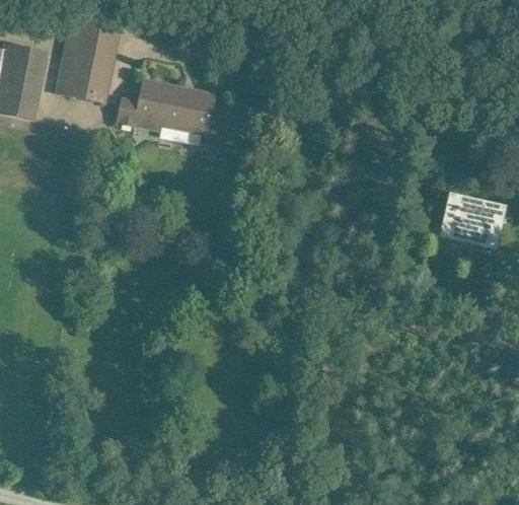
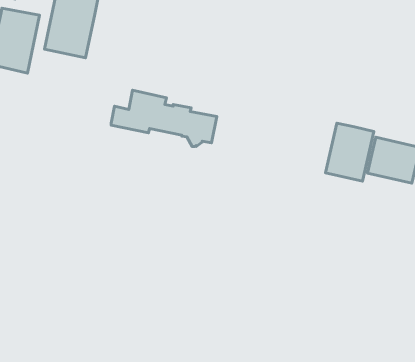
building: [117,78,242,145] -> [111,90,217,146]
building: none -> [326,123,374,181]

